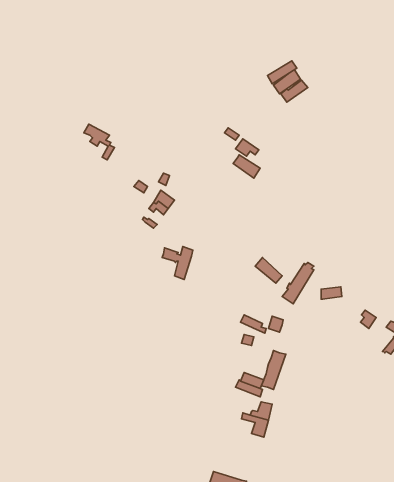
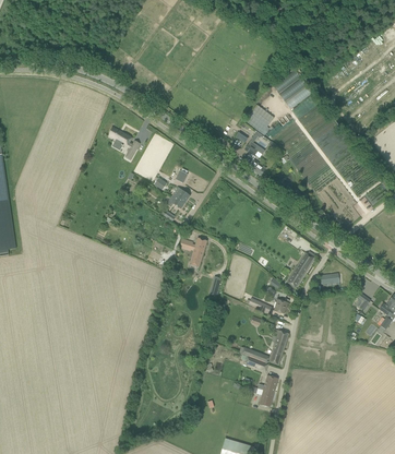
building: none -> [243,104,273,133]

